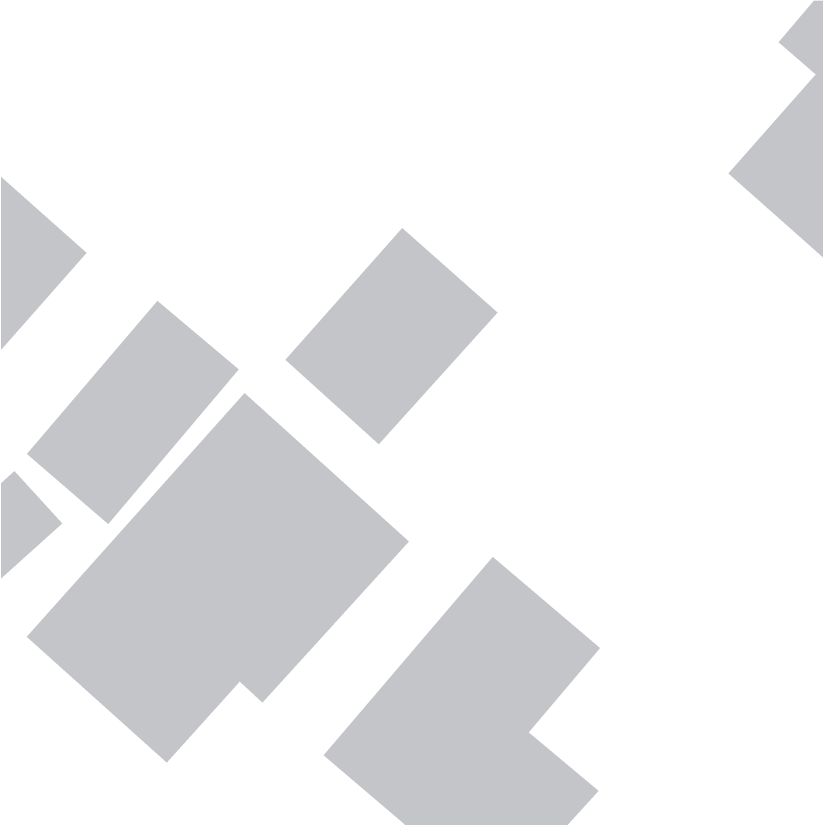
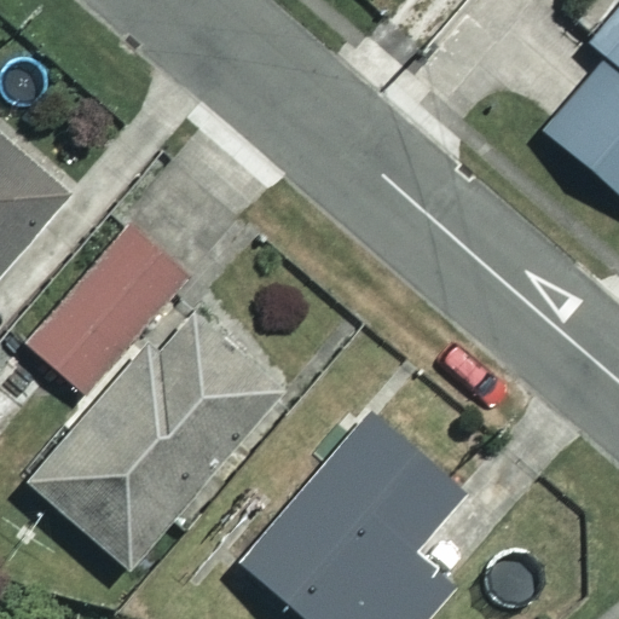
building: [284,227,498,445] -> none

